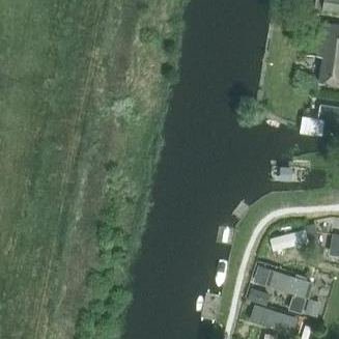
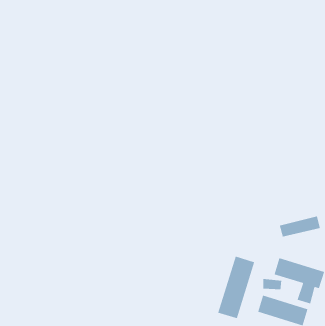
building: none -> [217,256,255,319]

